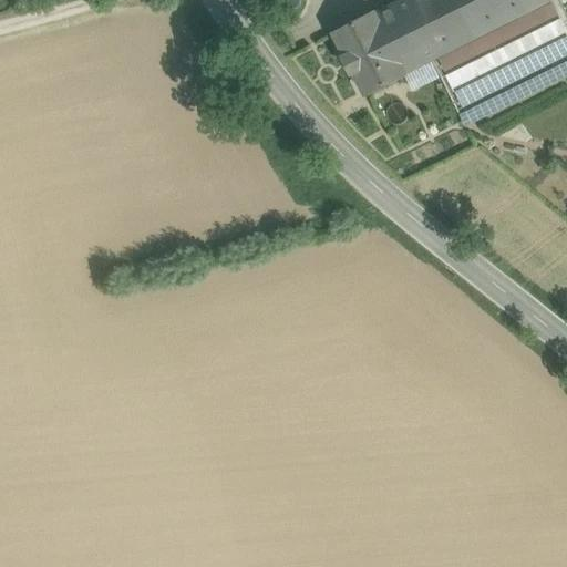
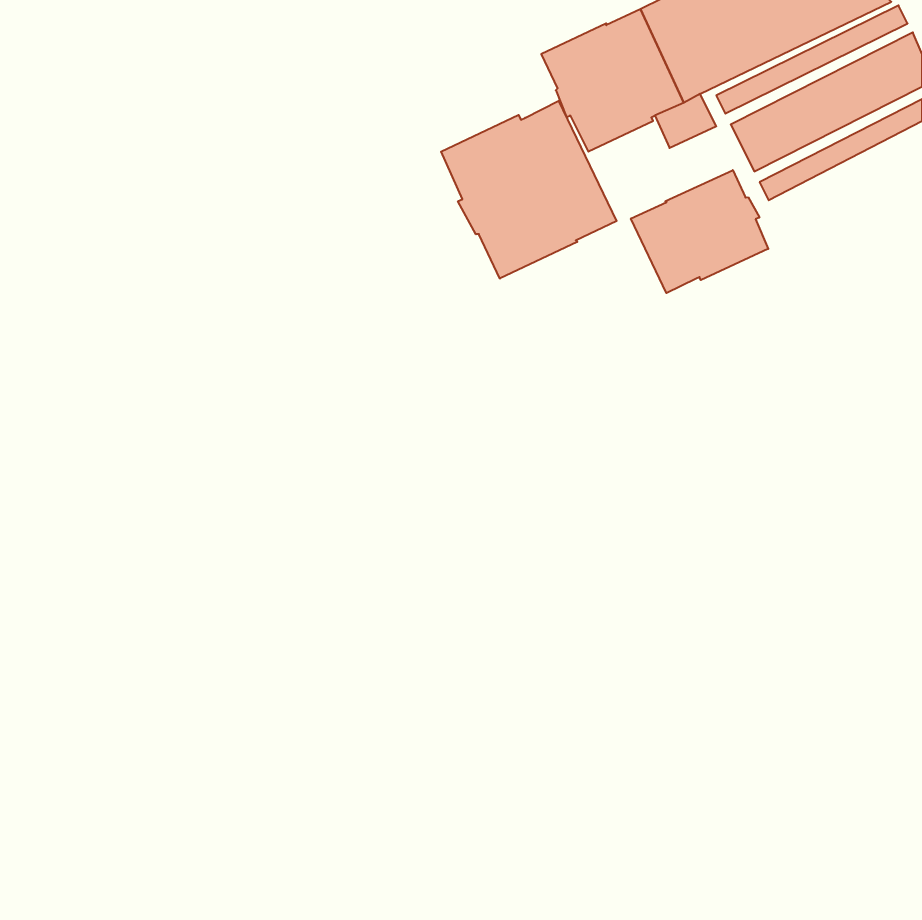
building: none -> [441,101,617,279]
building: none -> [631,170,768,293]

